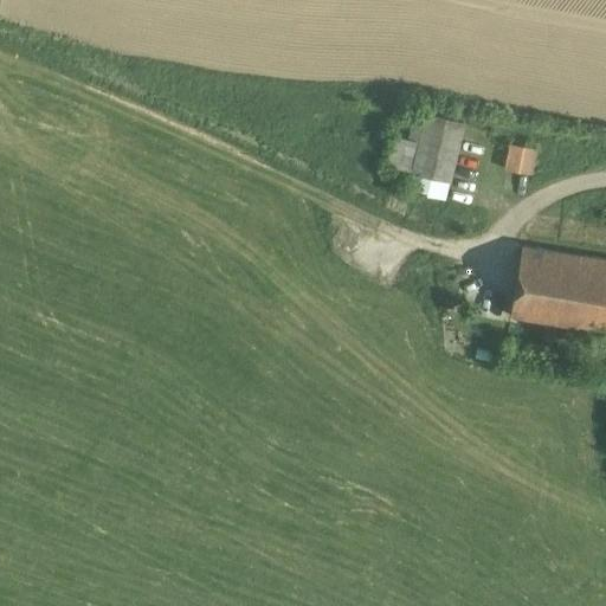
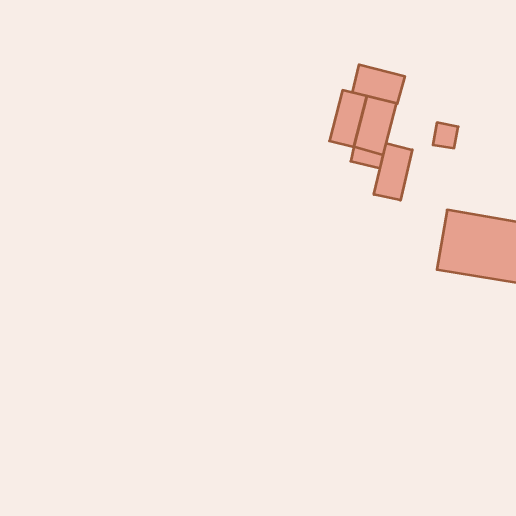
building: none -> [352,65,405,104]
building: none -> [374,143,412,200]

